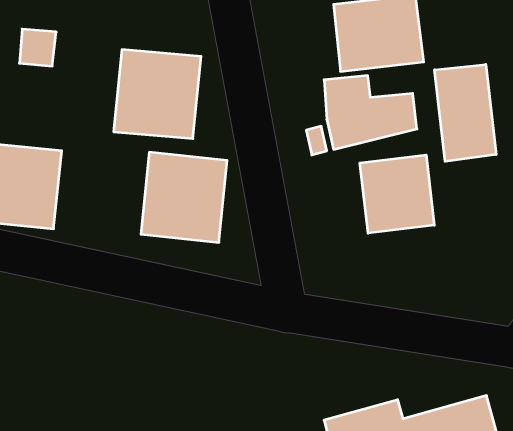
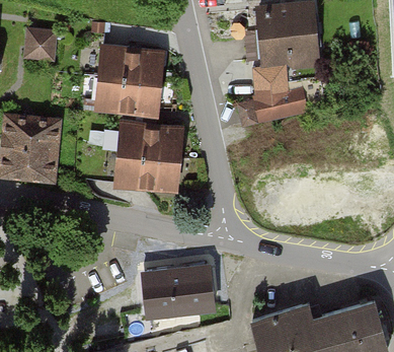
building: [435,64,496,161] -> none
building: [360,155,434,233] -> none
building: none -> [143,267,219,310]

